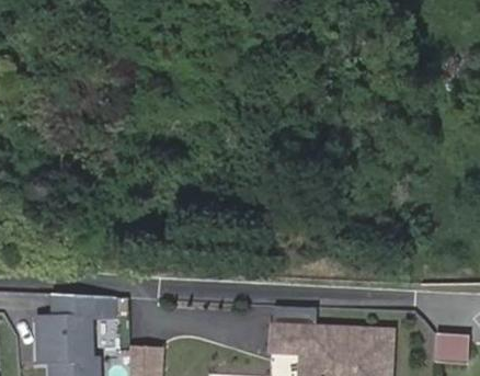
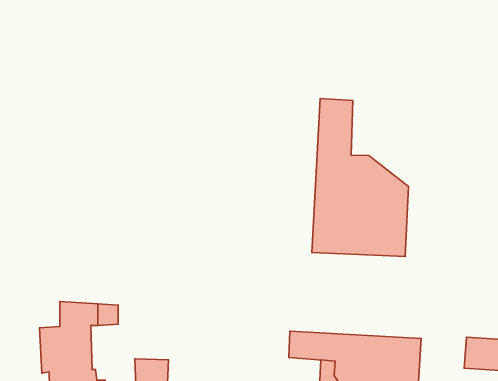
building: none -> [312,98,409,257]

